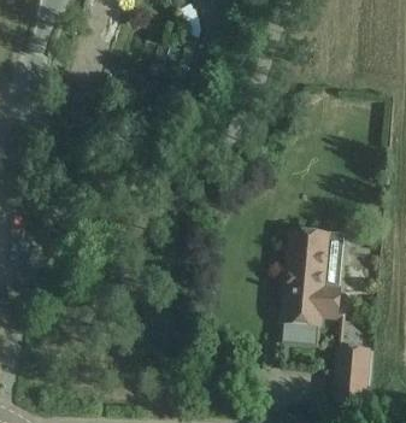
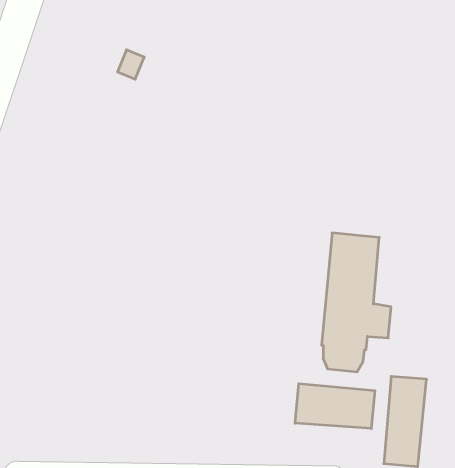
building: none -> [295,384,375,429]

